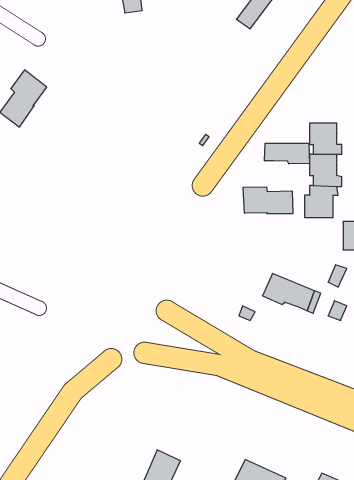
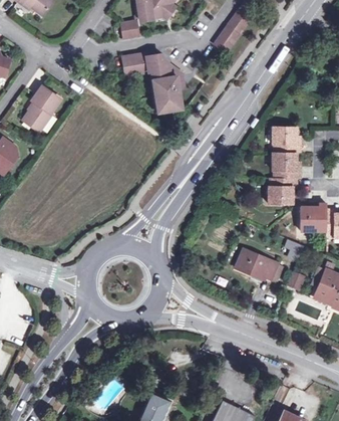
building: none -> [122,53,183,112]
building: [265,143,310,164] -> none
building: [243,187,293,214] -> none

